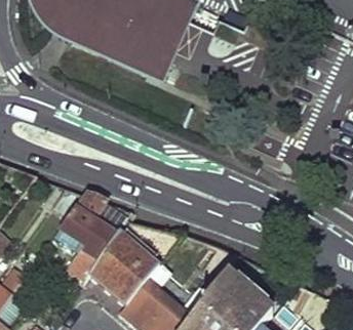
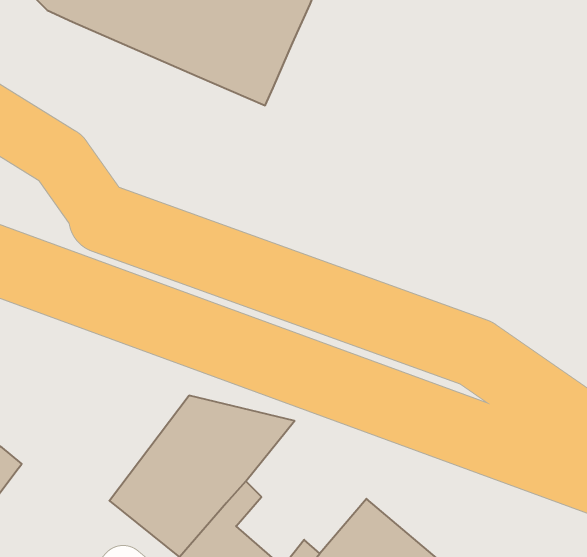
building: [57,194,136,282] -> none

